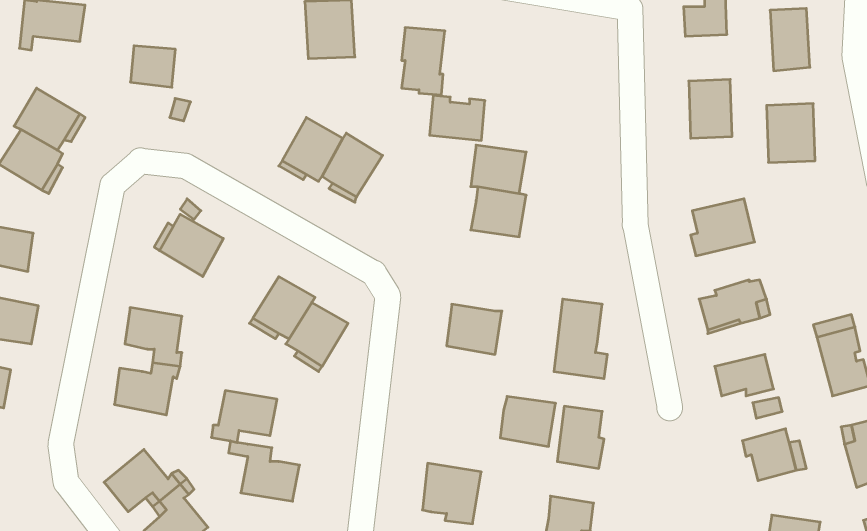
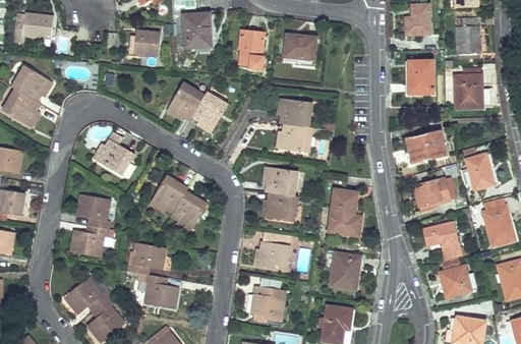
building: [130,46,175,87] -> [134,31,161,55]
building: [430,95,485,140] -> [284,34,316,60]
building: none -> [465,154,495,190]
building: none -> [266,168,298,196]
building: [500,396,556,446] -> [257,241,290,271]

